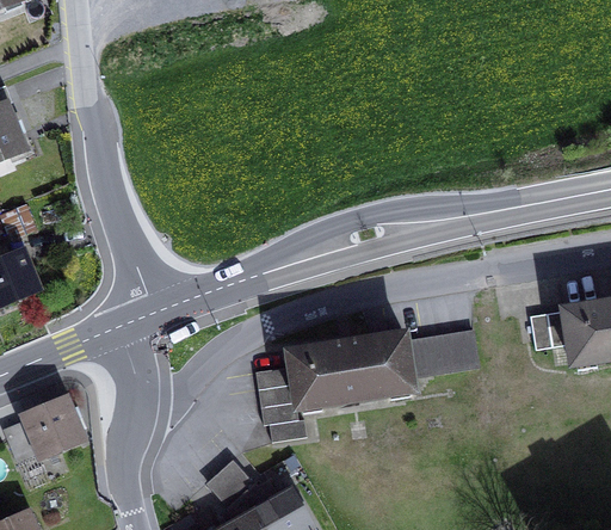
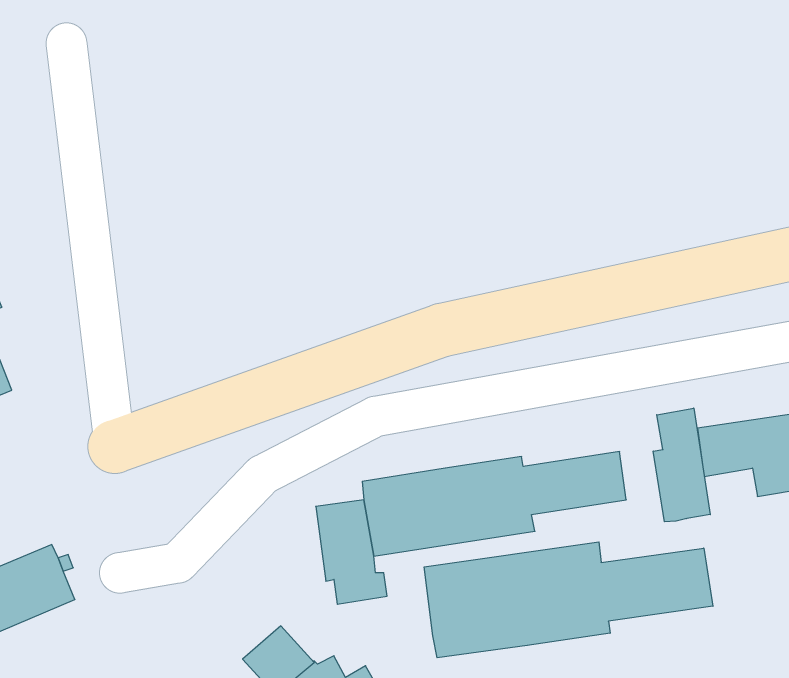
building: none -> [653,408,710,522]
building: none -> [424,542,713,658]

